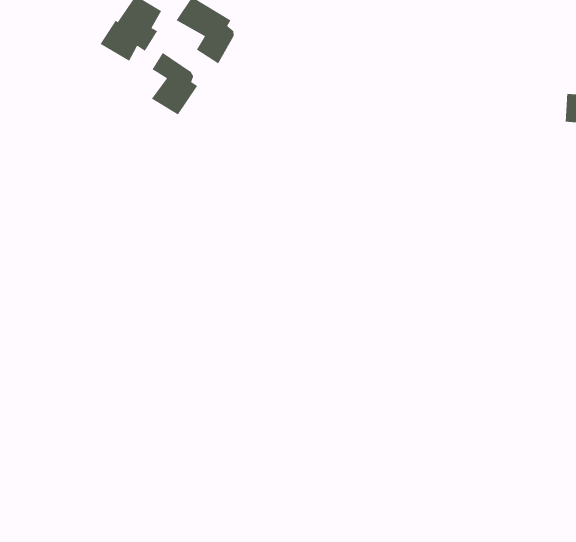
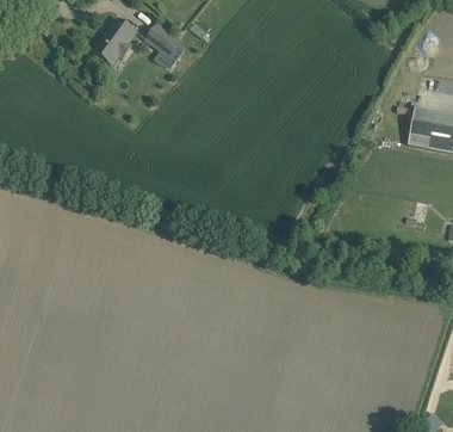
building: [151,52,198,115] -> none

